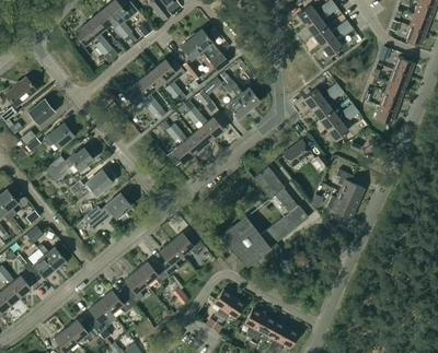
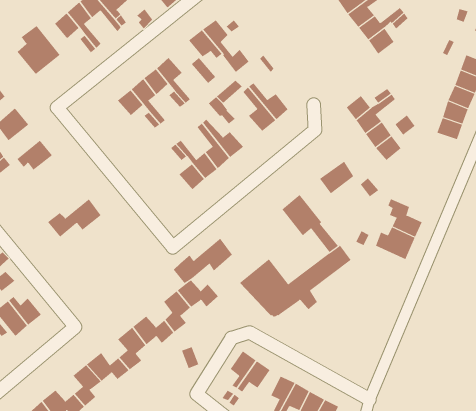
building: none -> [17,25,61,75]
building: [44,148,93,178] -> none
building: [83,192,130,228] -> [173,238,233,284]

